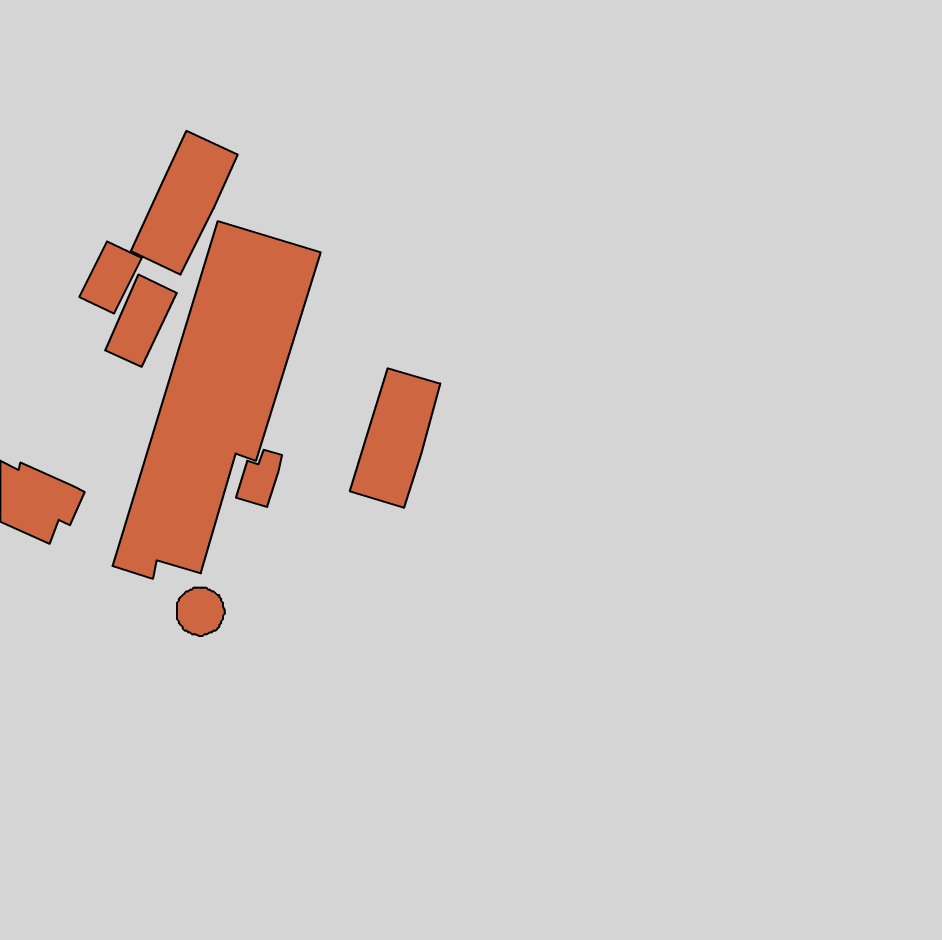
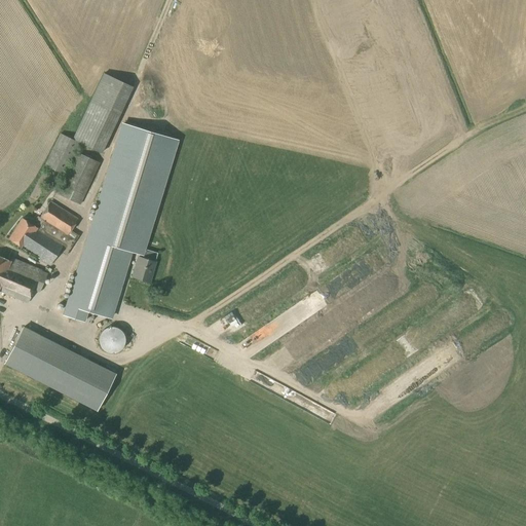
building: none -> [8,203,78,267]
building: [350,368,440,508] -> none
building: none -> [15,327,113,397]

